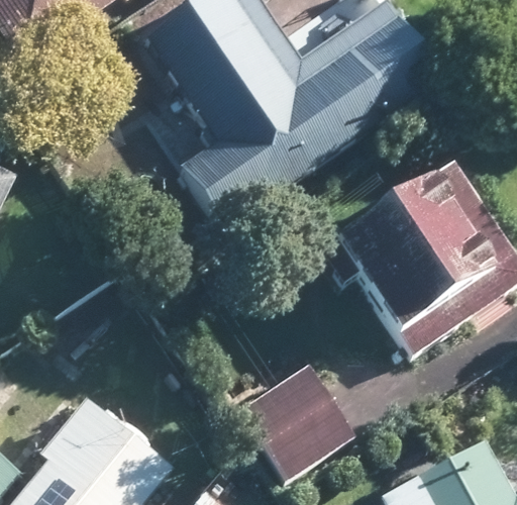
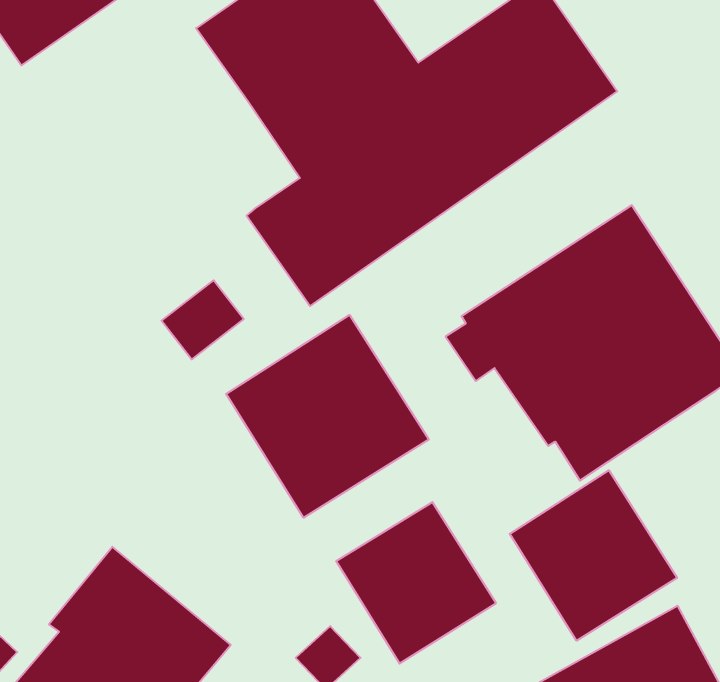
building: none -> [226,315,429,518]
building: none -> [510,470,677,641]

